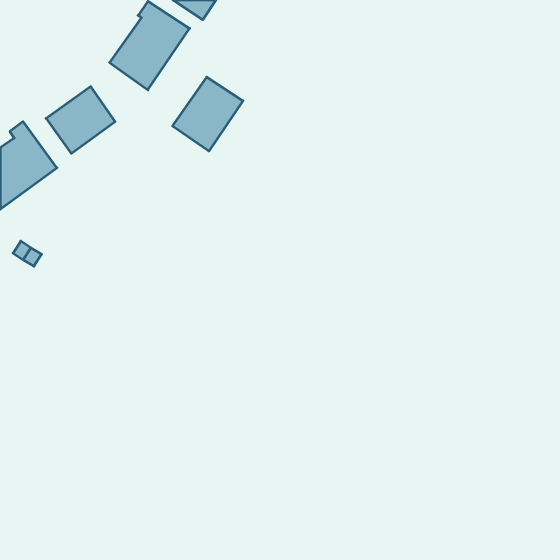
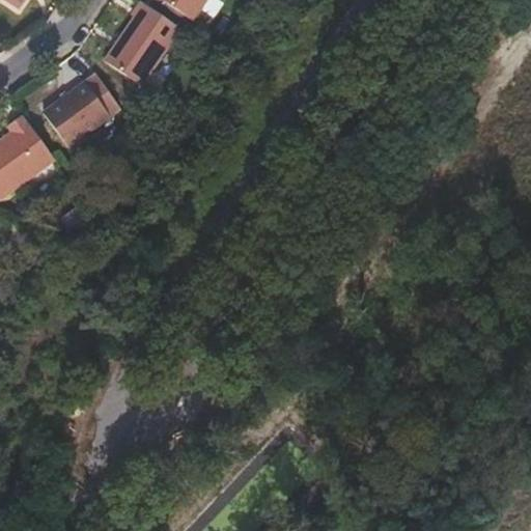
building: [173,77,243,151] -> none

